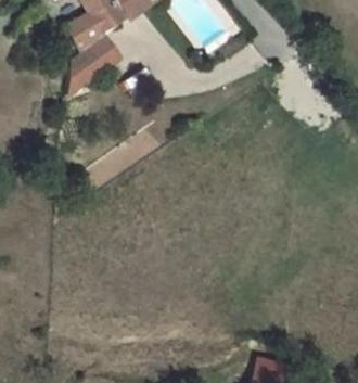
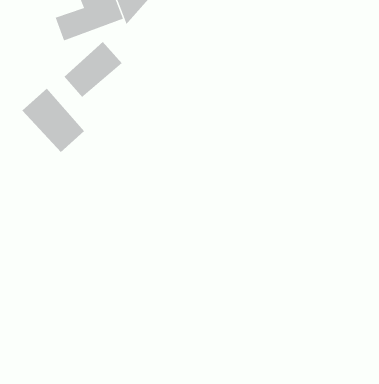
building: none -> [21,88,85,153]

